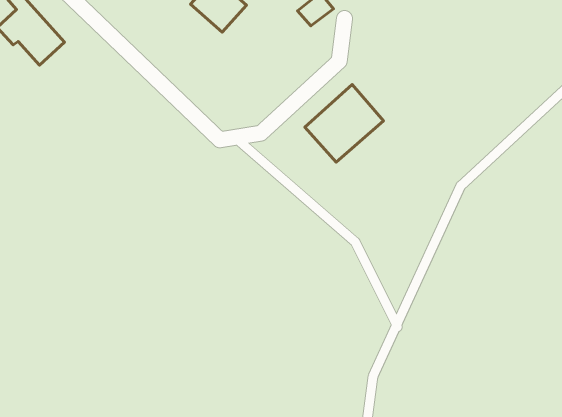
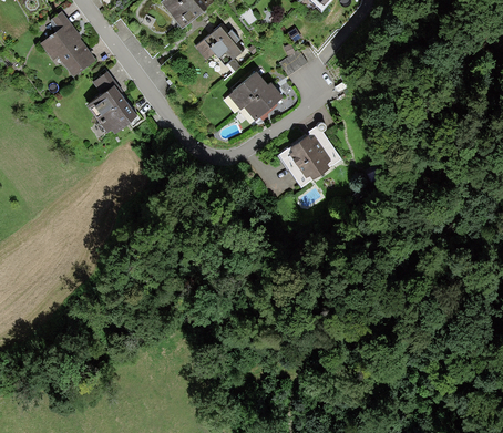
building: none -> [230,72,284,118]
building: none -> [89,74,137,135]

